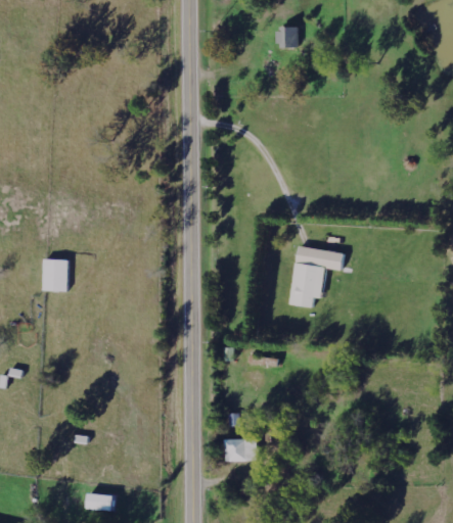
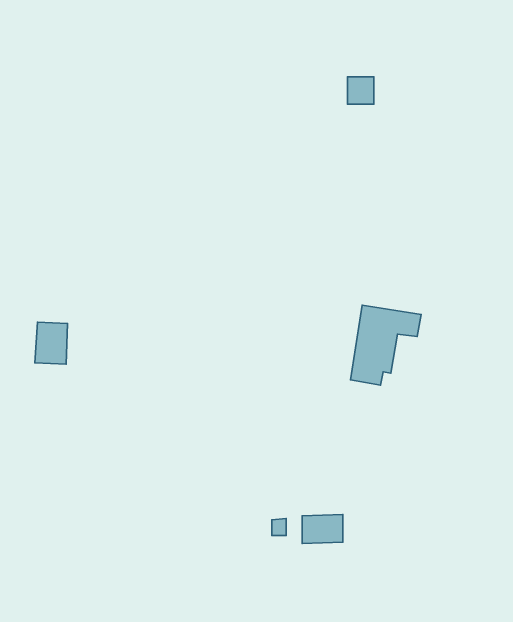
building: [277,27,298,48] -> [348,77,374,104]
building: [224,439,256,462] -> [302,515,343,543]

